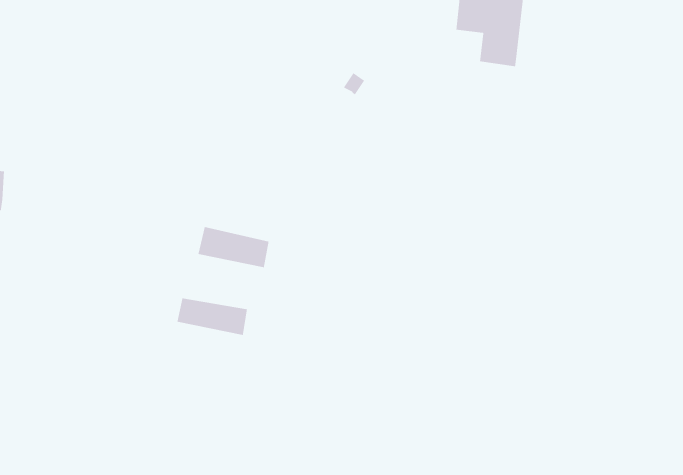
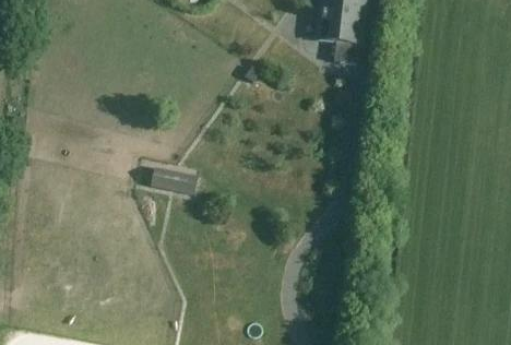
building: [176,297,248,336] -> none

